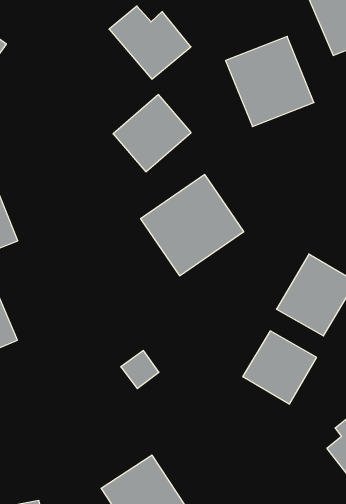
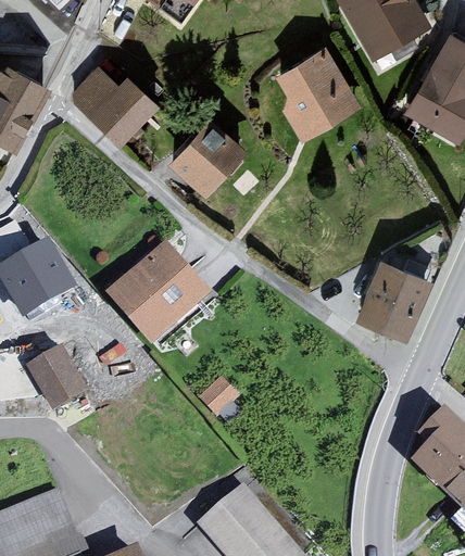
building: [109,6,191,79] -> [74,70,159,141]
building: [141,175,244,276] -> [104,241,210,346]
building: [243,331,316,404] -> none

